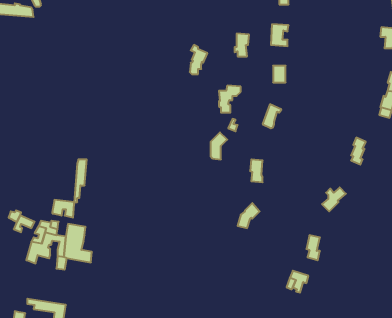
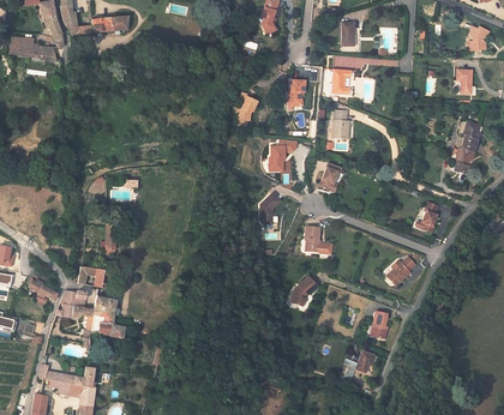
building: none -> [40,366,96,390]

